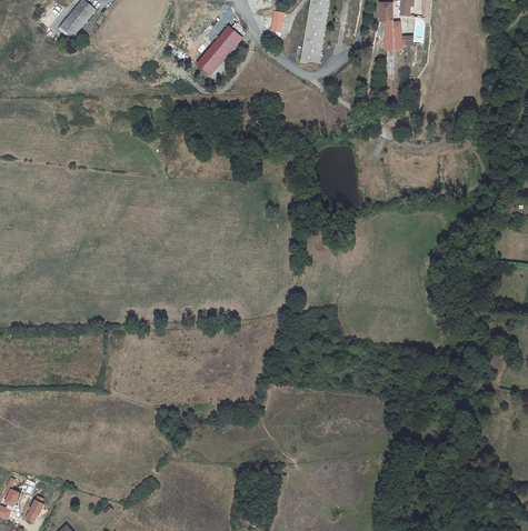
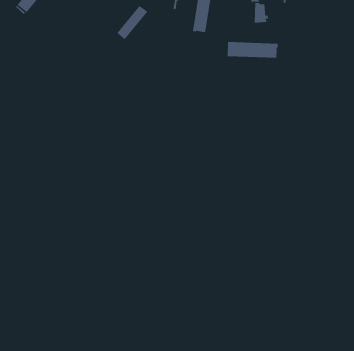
building: none -> [227,41,278,59]

